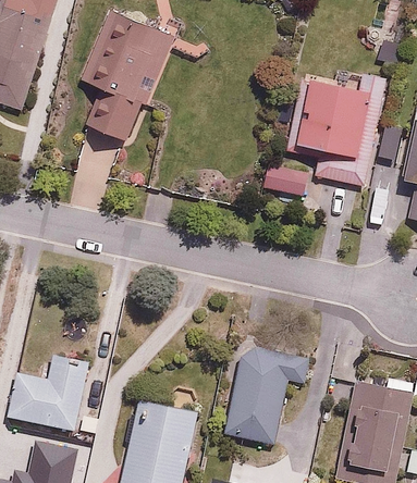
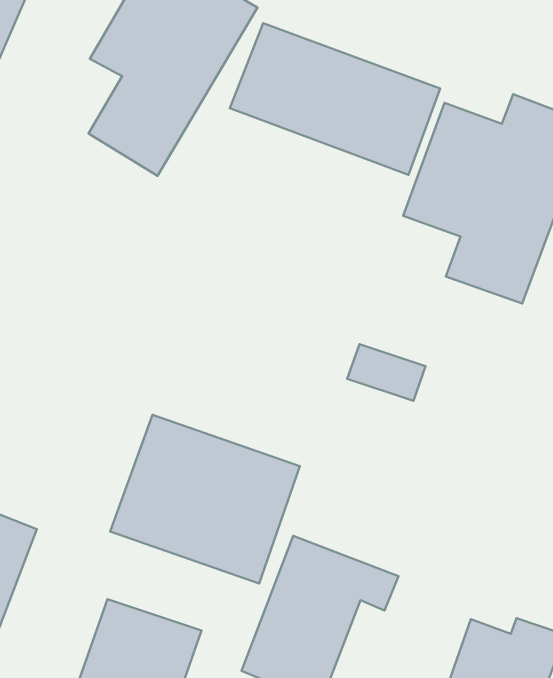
building: none -> [230,23,440,175]
building: [261,166,307,196] -> [347,344,426,401]
building: none -> [110,415,300,584]

